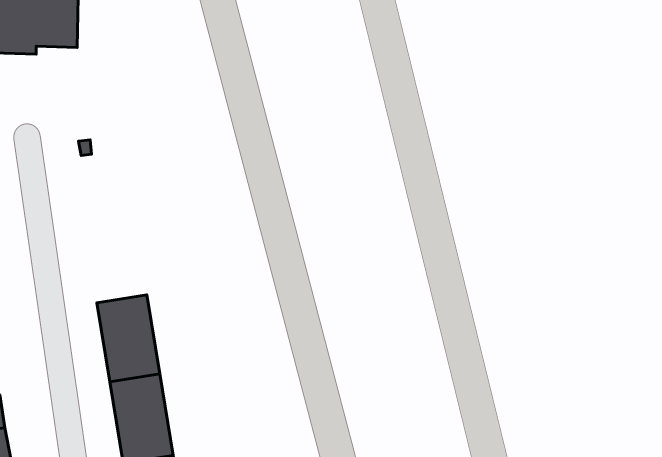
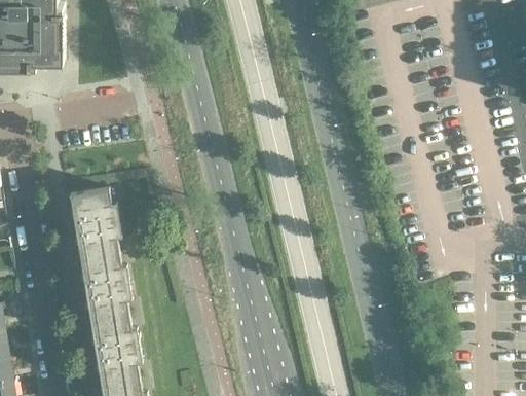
building: none -> [70,187,119,258]

